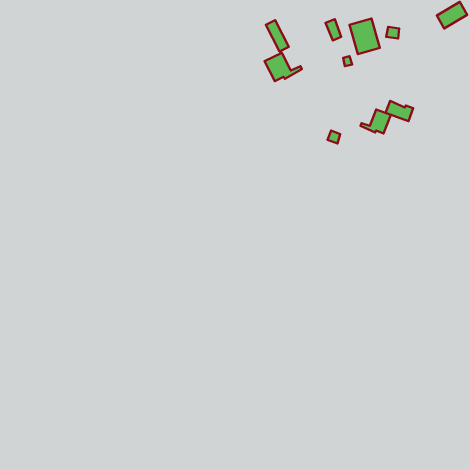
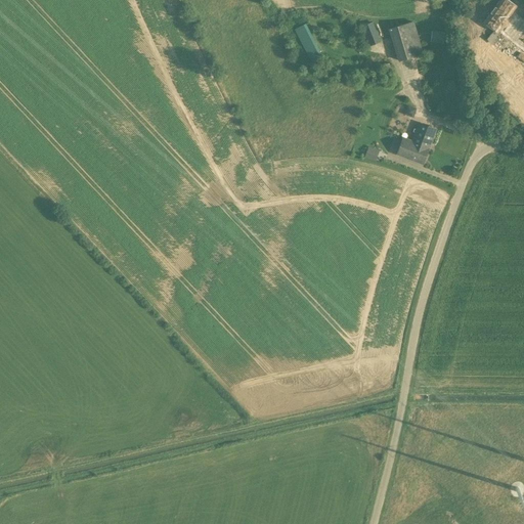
building: [265,53,302,81] -> none
building: [385,101,413,121] -> [396,140,427,163]

